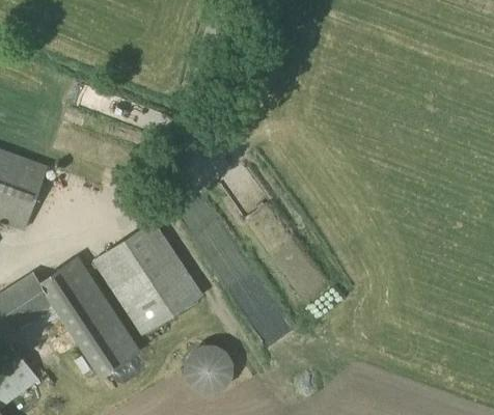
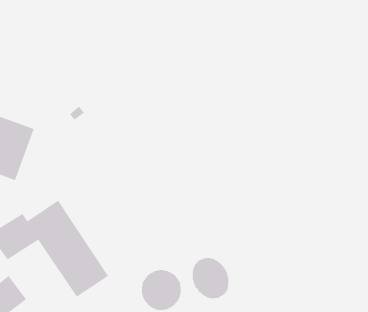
building: [87,221,203,336] -> none
building: none -> [192,257,229,299]

